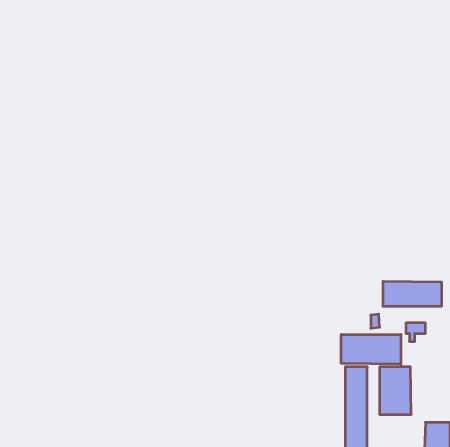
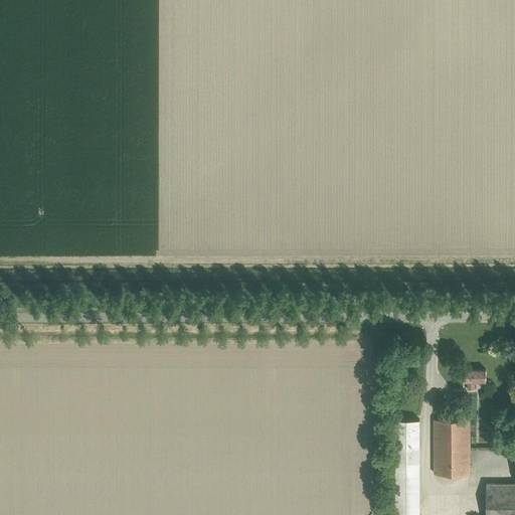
building: [383,281,441,306] -> none
building: [341,334,401,364] -> none

